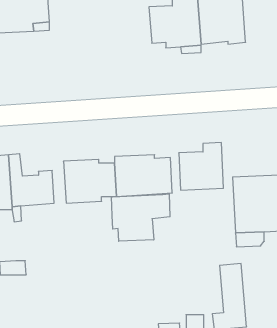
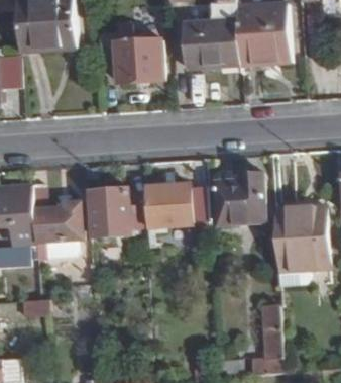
building: none -> [99,23,162,82]
building: [112,194,170,241] -> none

